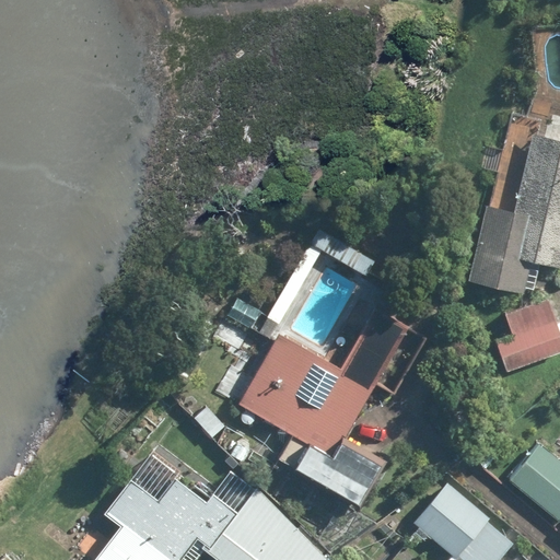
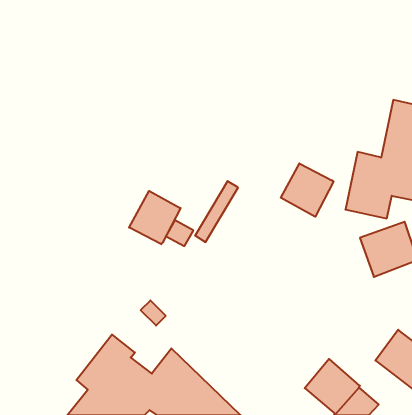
building: none -> [281,163,334,217]
building: none -> [129,191,181,244]
building: [240,310,407,508] -> none

